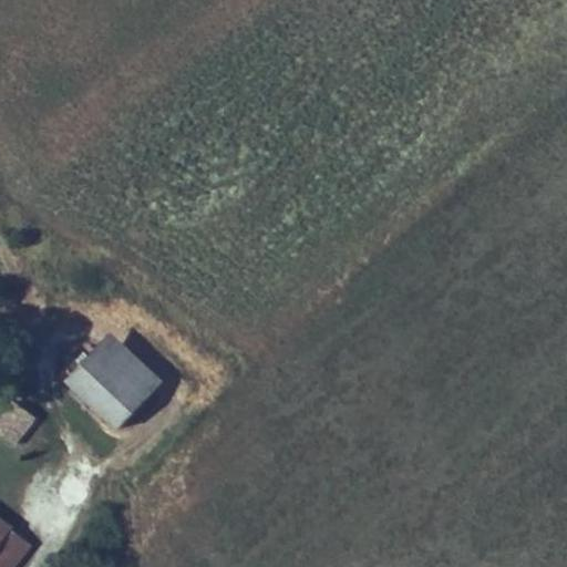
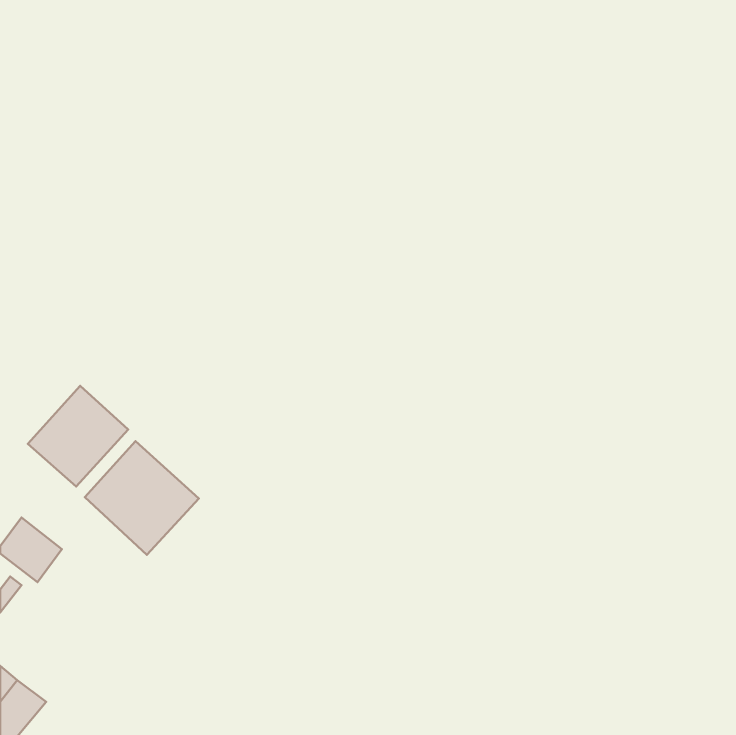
building: none -> [28,386,128,486]

